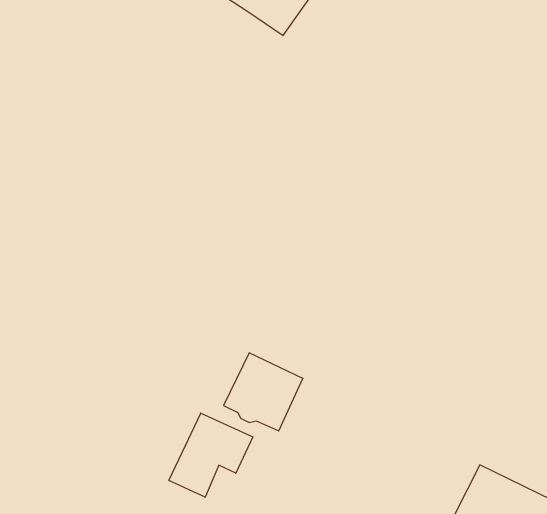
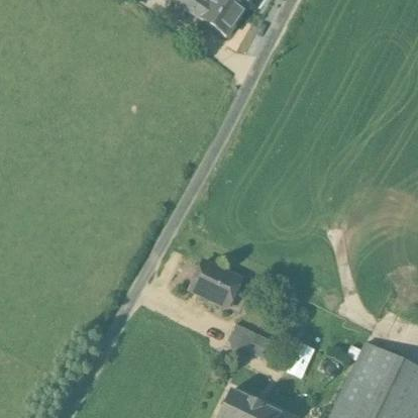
building: [169,413,253,497] -> none
building: none -> [226,323,257,355]

